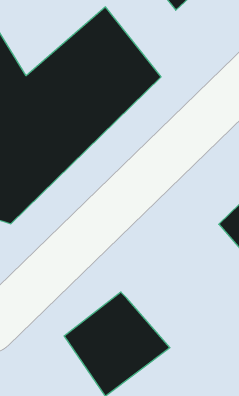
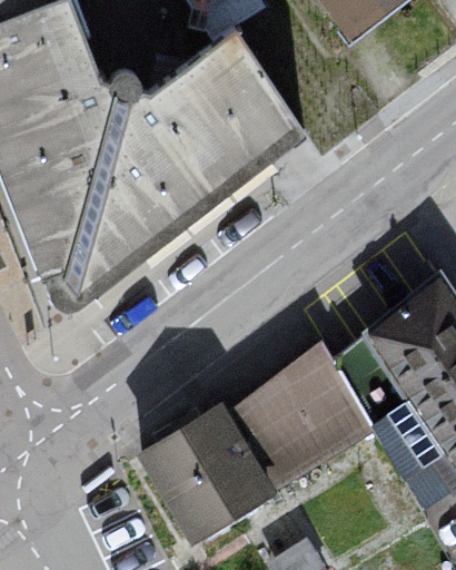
building: none -> [228,346,369,487]

